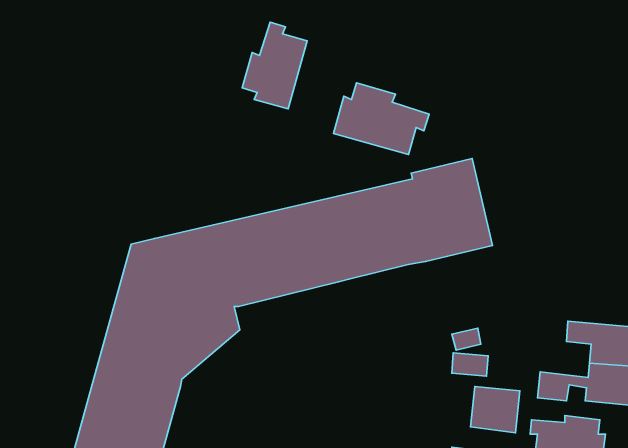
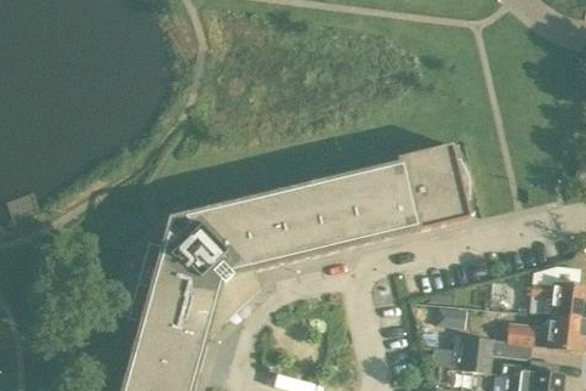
building: [242,22,307,109] -> none
building: [334,83,429,154] -> none

